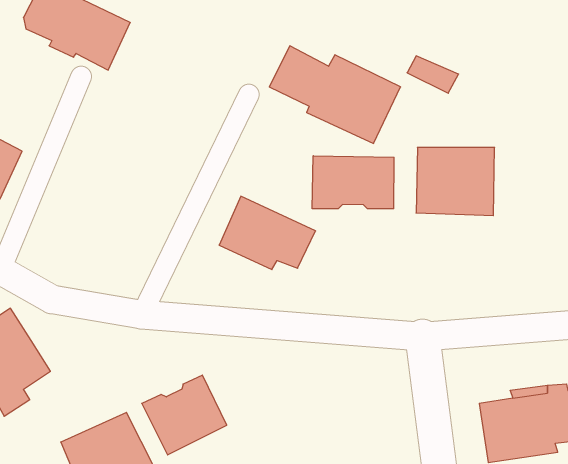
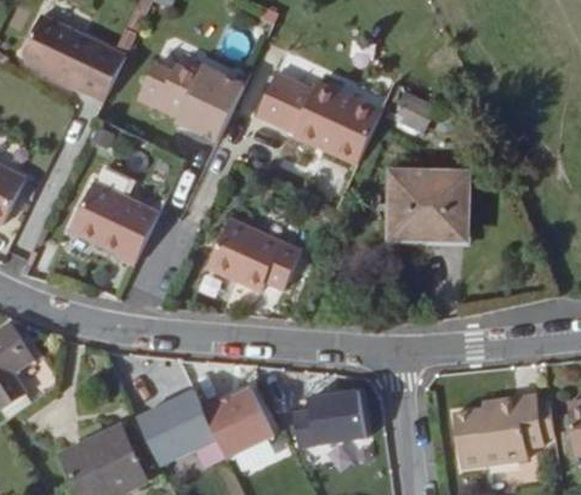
building: none -> [138,66,244,143]
building: [312,156,394,209] -> none
building: none -> [70,184,158,264]
building: none -> [200,385,273,455]
building: none -> [289,386,364,446]

